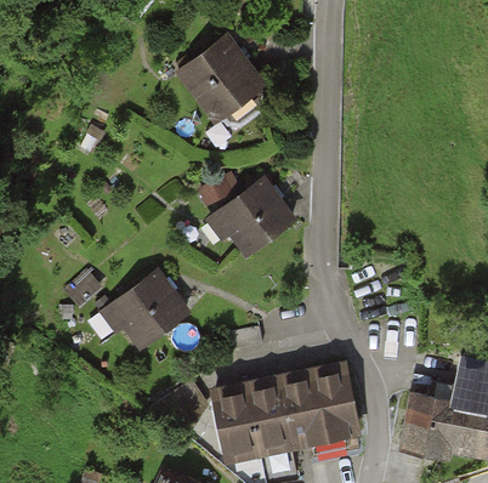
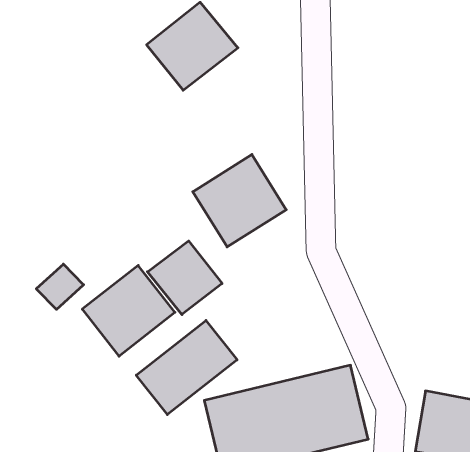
building: none -> [147,241,222,315]
building: none -> [136,320,237,415]

